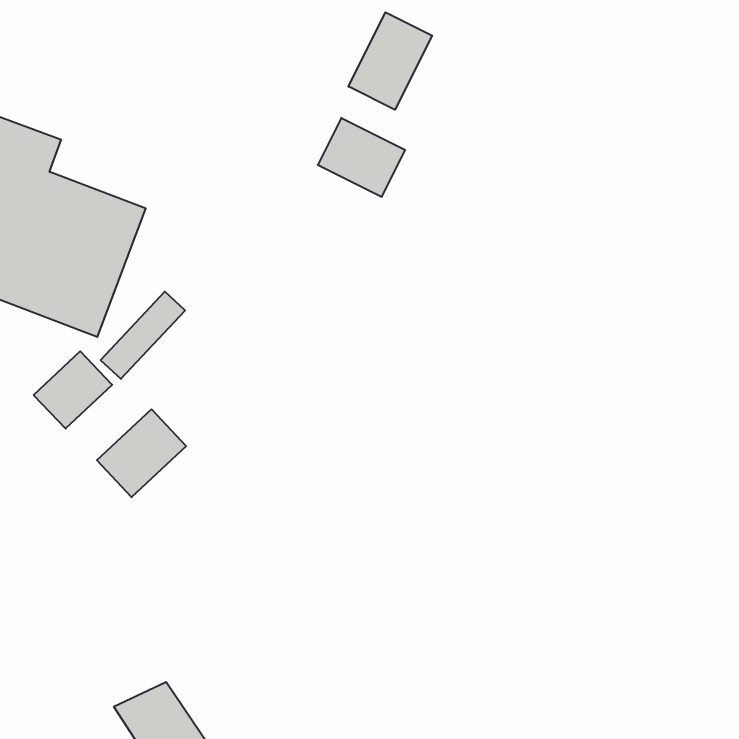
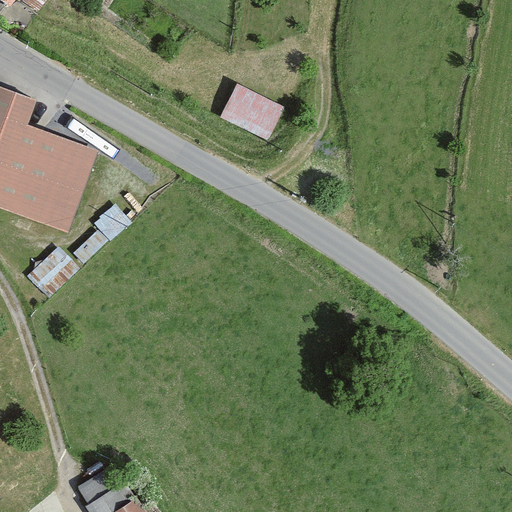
building: [348,12,432,110] -> none
building: [97,409,186,497] -> none

